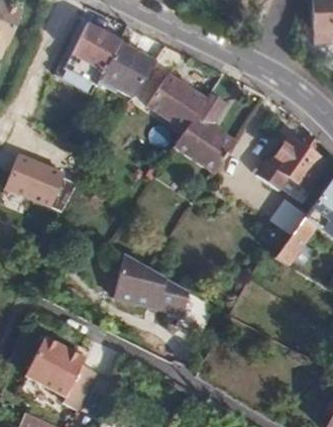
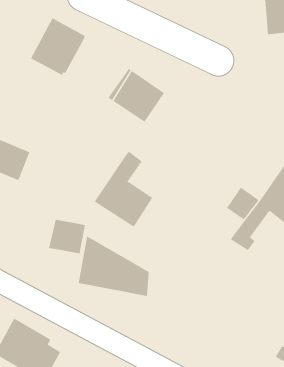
building: [101,42,157,98] -> none
building: [175,93,237,174] -> [94,151,153,227]
building: [256,135,327,192] -> none
building: none -> [49,219,85,254]

